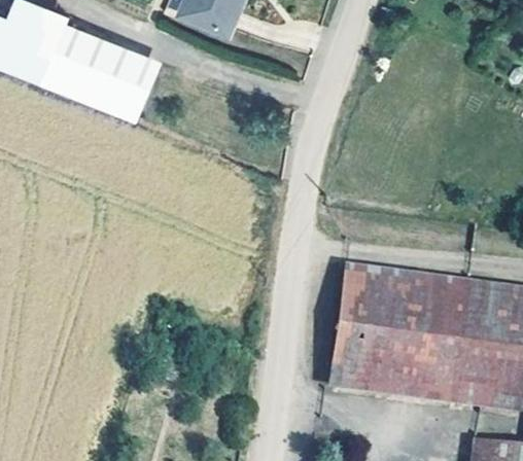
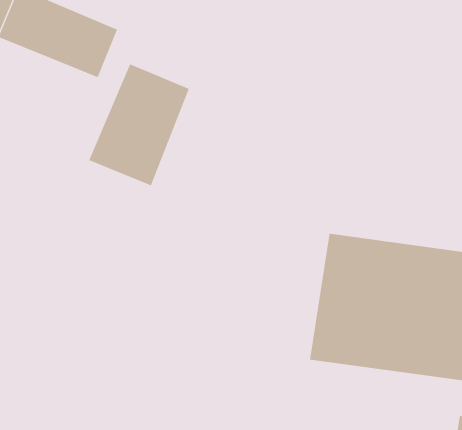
building: none -> [88,64,190,186]

